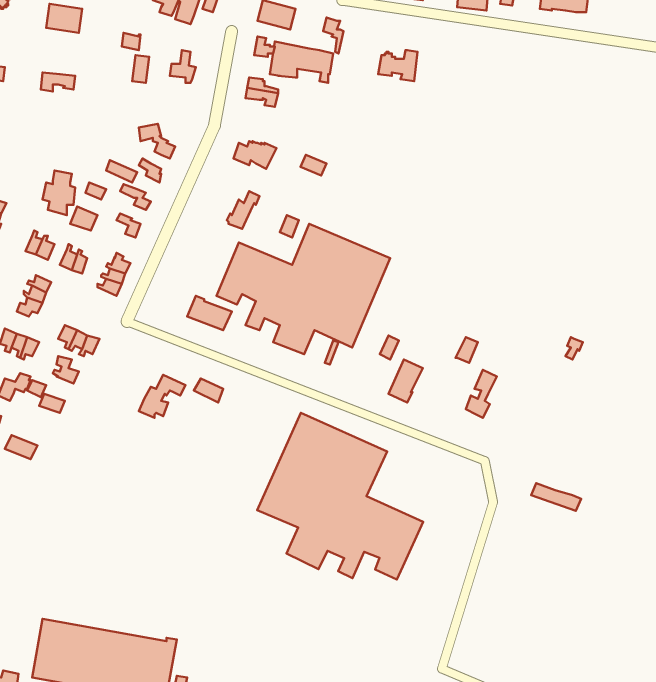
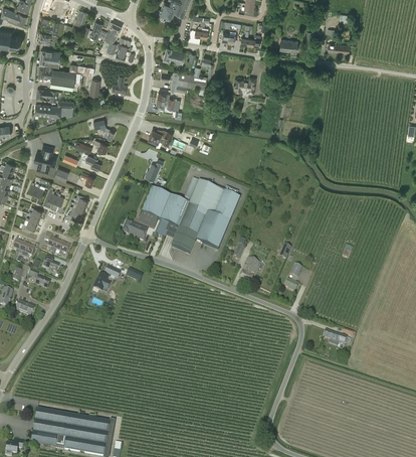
building: none -> [38,64,81,89]
building: none -> [34,100,74,117]
building: [257,413,423,580] -> none

